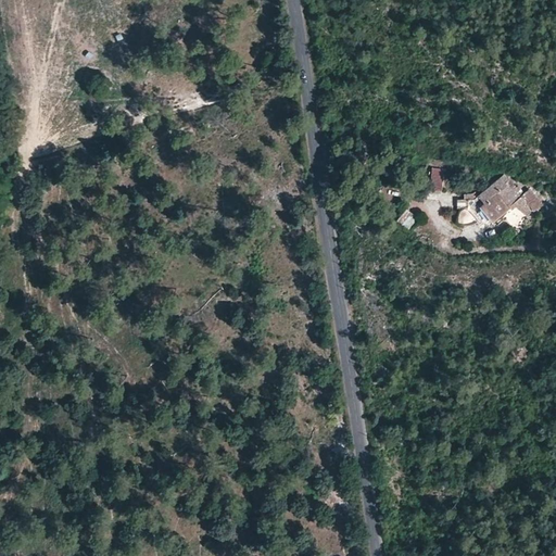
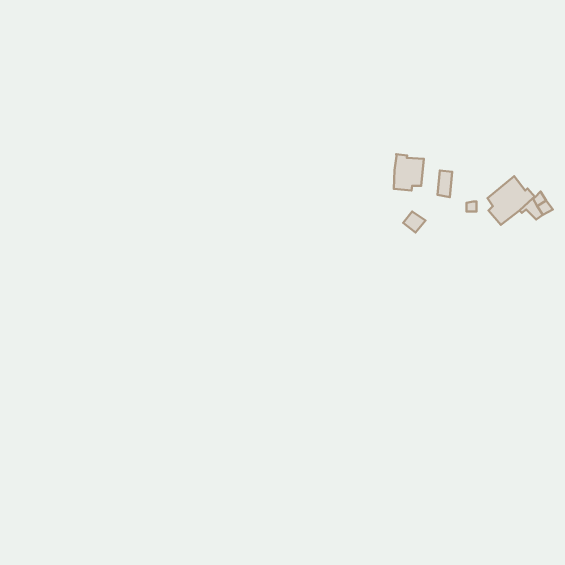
building: none -> [394,154,424,191]

